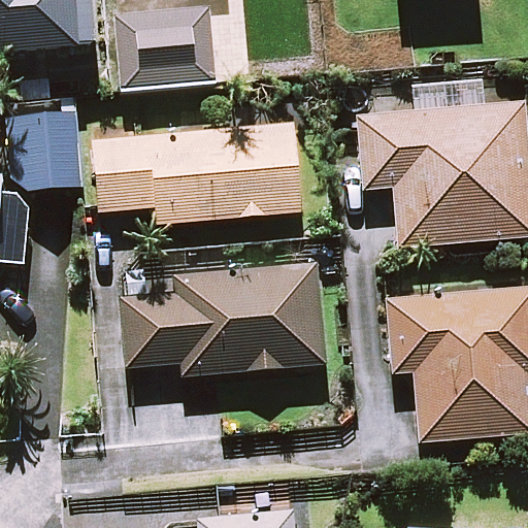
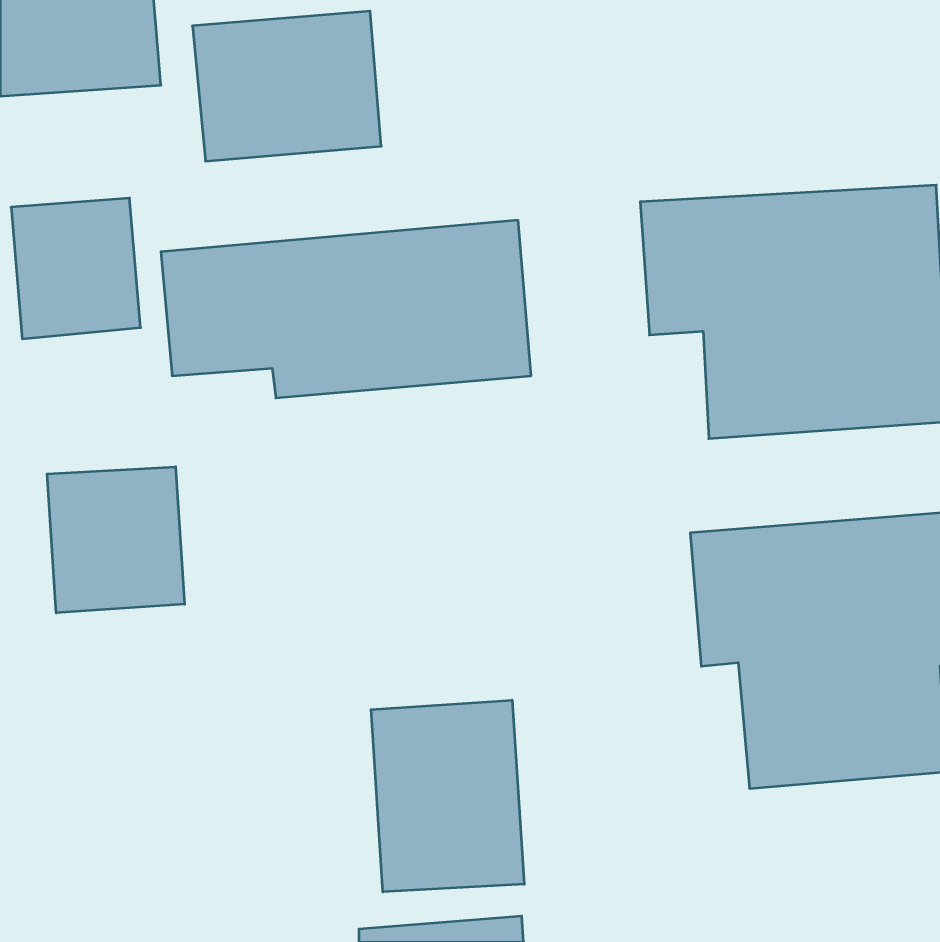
building: none -> [47,467,185,613]
building: [124,262,324,372] -> none
building: none -> [371,700,524,892]

